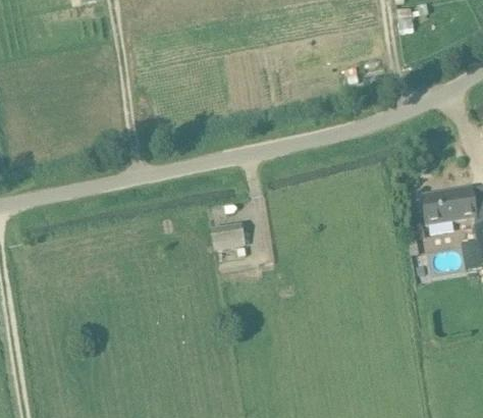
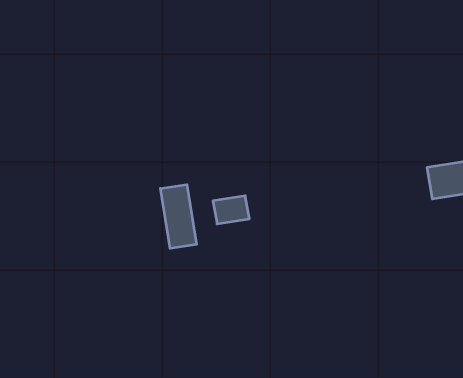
building: none -> [160,185,197,248]

